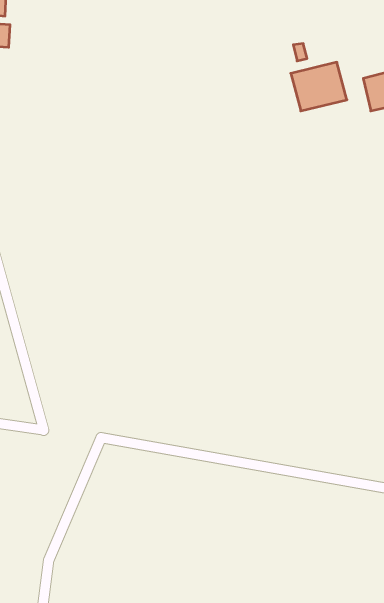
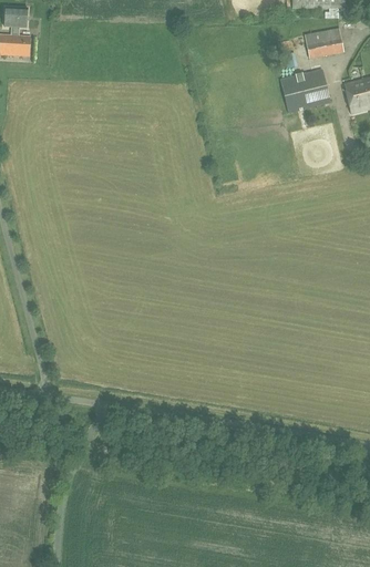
building: none -> [304,27,343,59]

